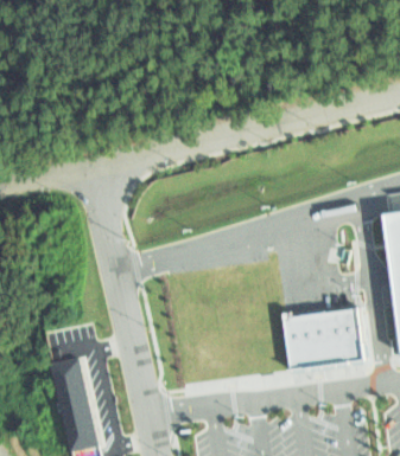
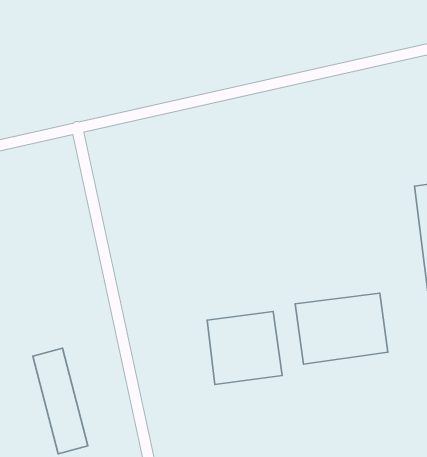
building: none -> [207,311,282,384]

